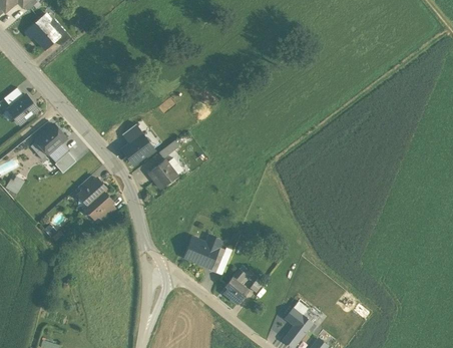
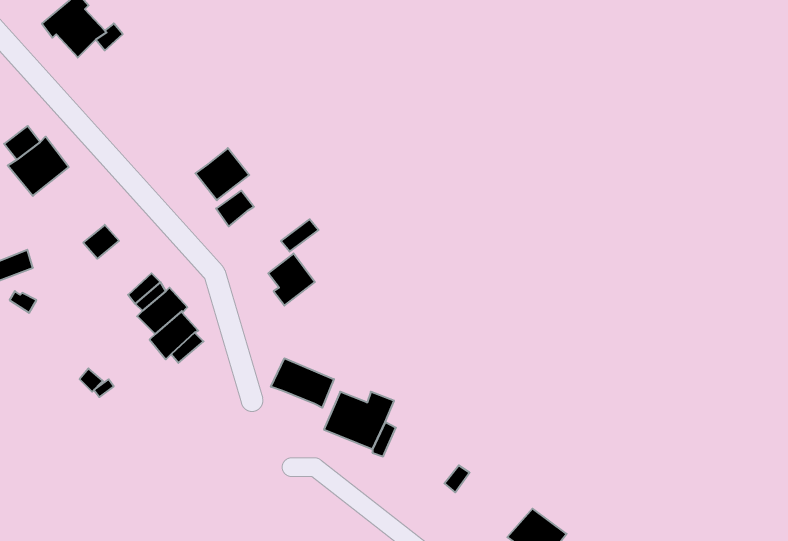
building: [37,124,66,154] -> none
building: [122,135,152,164] -> [195,148,249,200]
building: none -> [271,358,334,408]
building: [223,269,248,304] -> none

